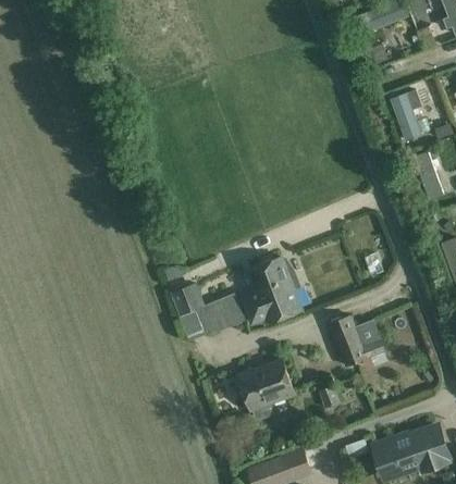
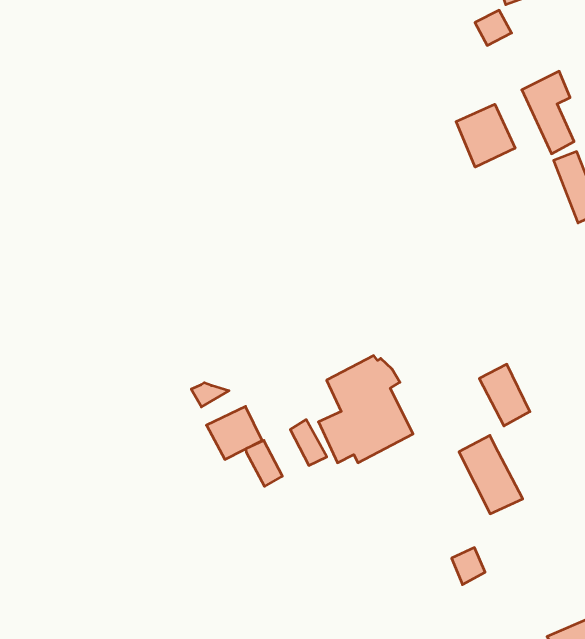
building: none -> [456,104,515,167]
building: [356,320,386,359] -> [479,364,530,426]
building: [239,361,296,421] -> none

